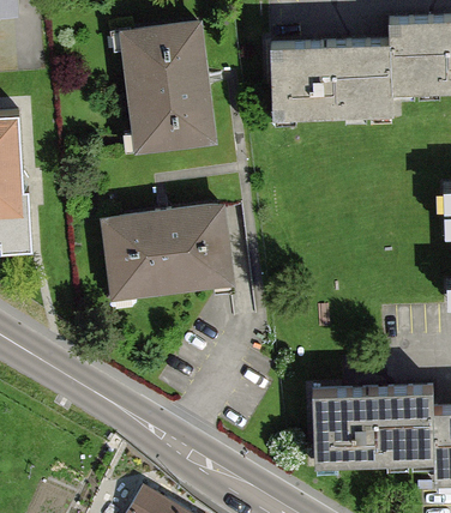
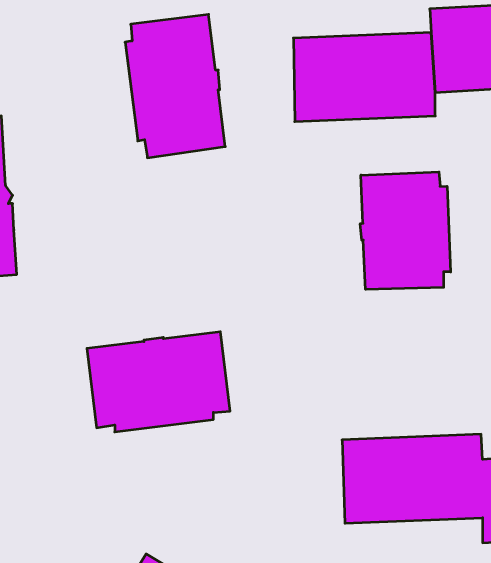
building: none -> [360,172,451,289]
building: [103,206,227,292] -> [87,332,230,432]

